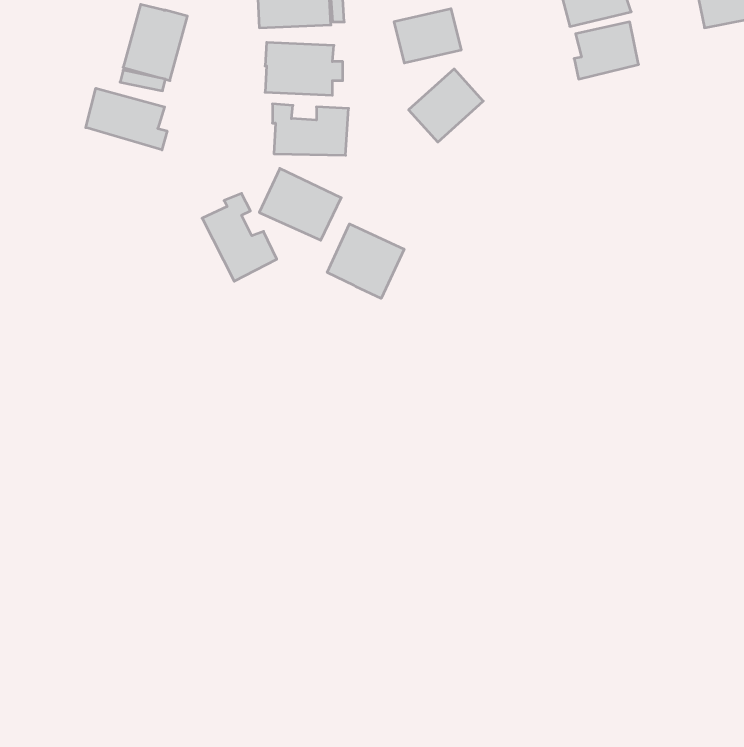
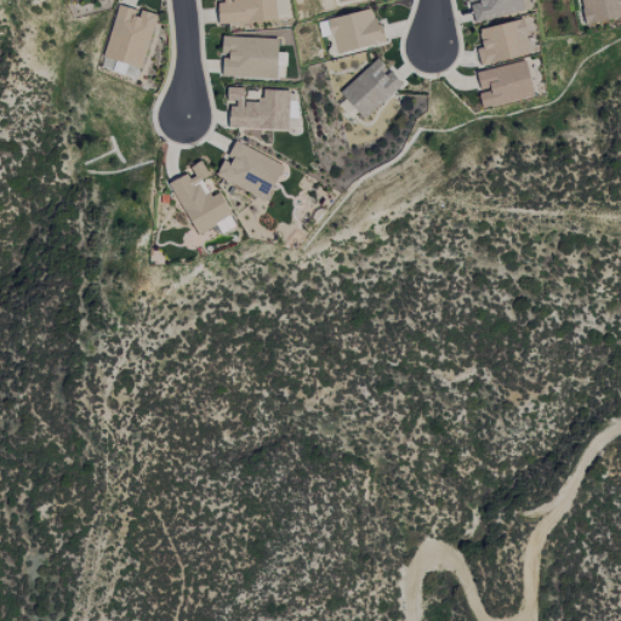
building: none -> [477,59,536,107]
building: [86,88,167,150] -> none
building: [327,224,404,298] -> none

